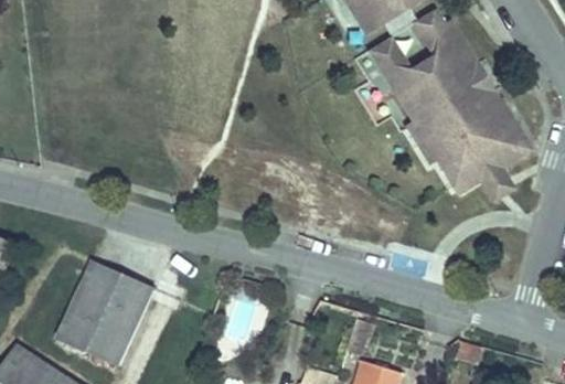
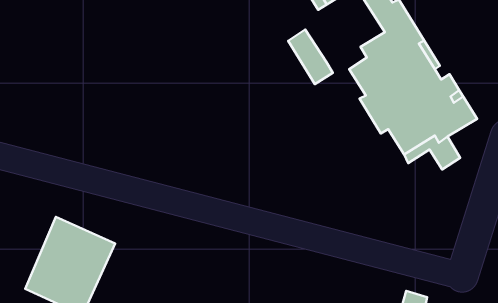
building: [367,44,414,102] -> [288,29,333,84]

